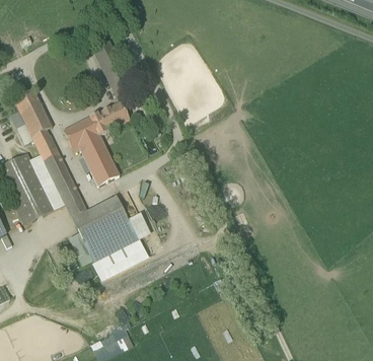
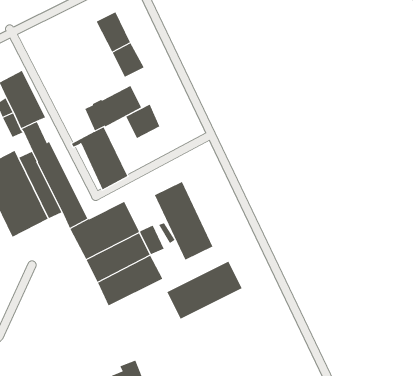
building: [64,120,92,148] -> [125,104,160,139]
building: none -> [154,181,213,261]
building: none -> [167,261,242,320]

